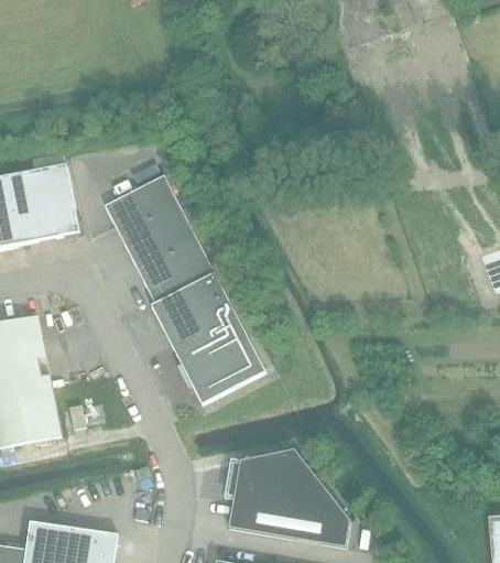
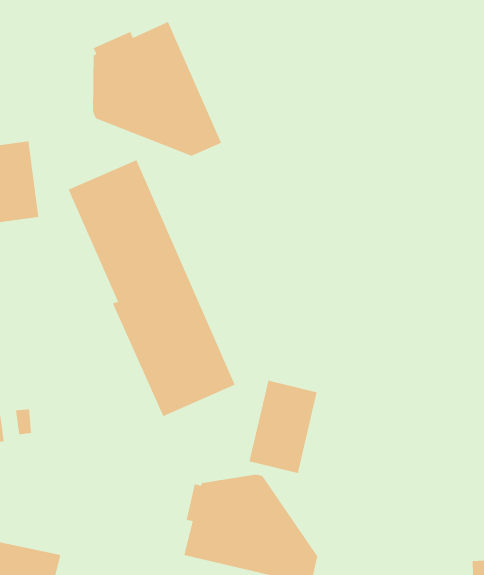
building: none -> [93,21,222,156]
building: none -> [249,380,317,474]

